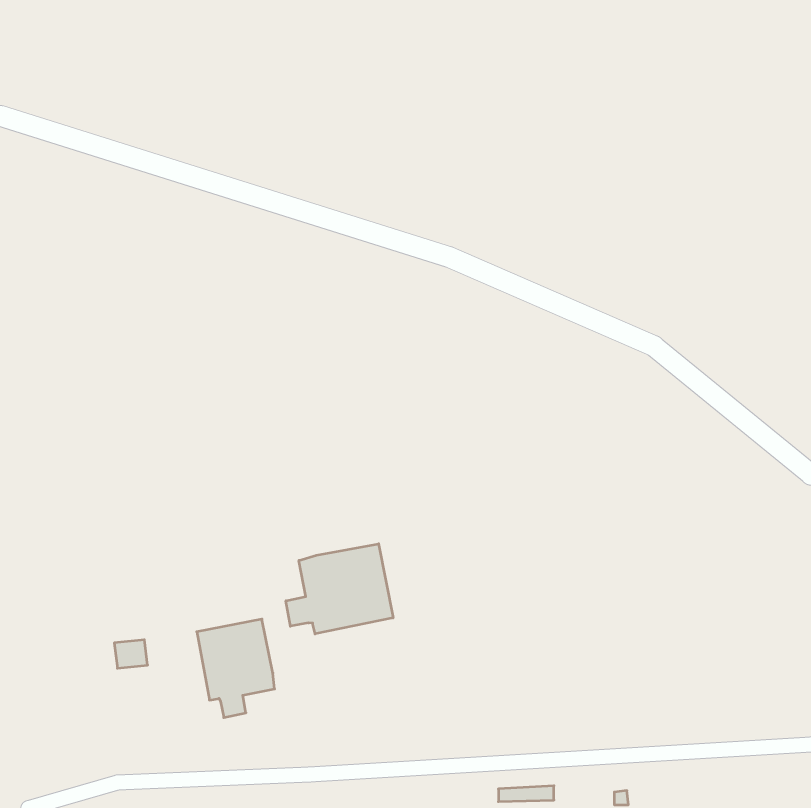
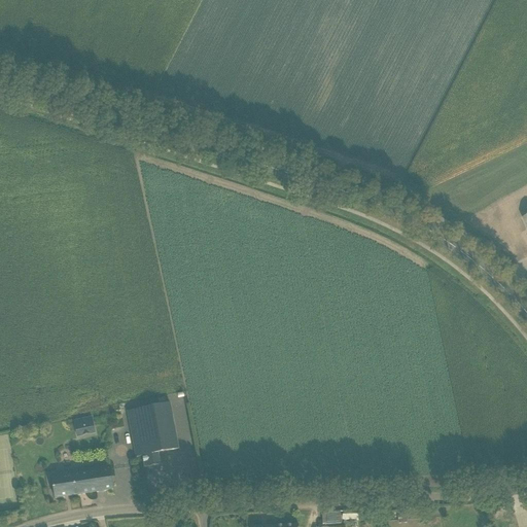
building: [286,544,393,634] -> none
building: none -> [51,464,113,496]

